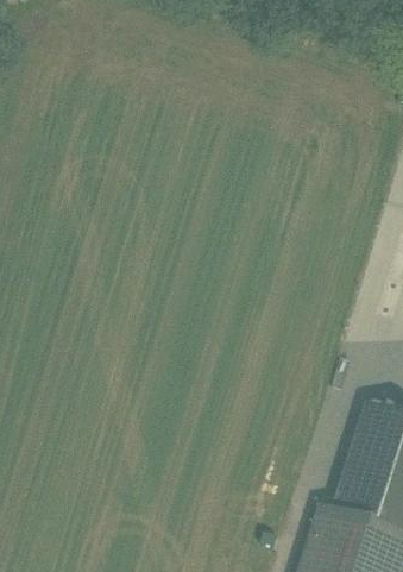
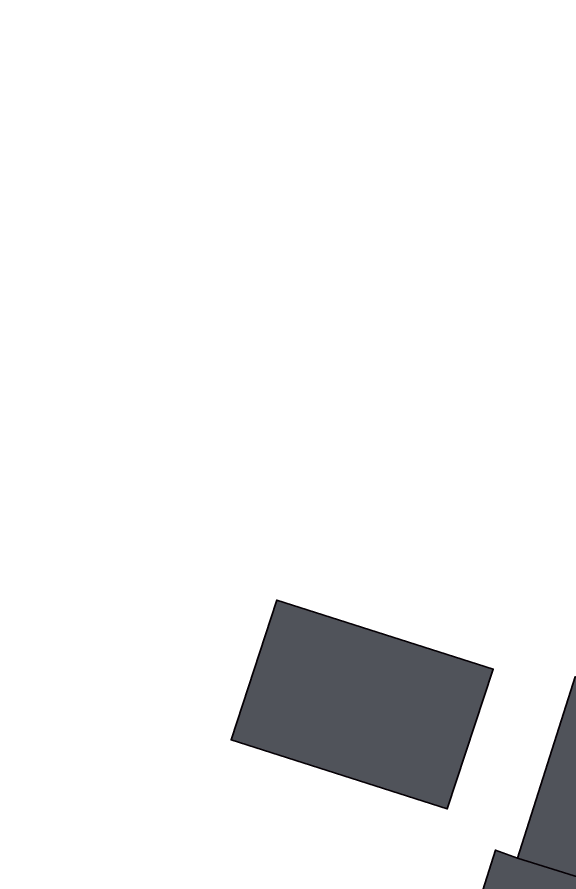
building: none -> [231,600,493,809]

